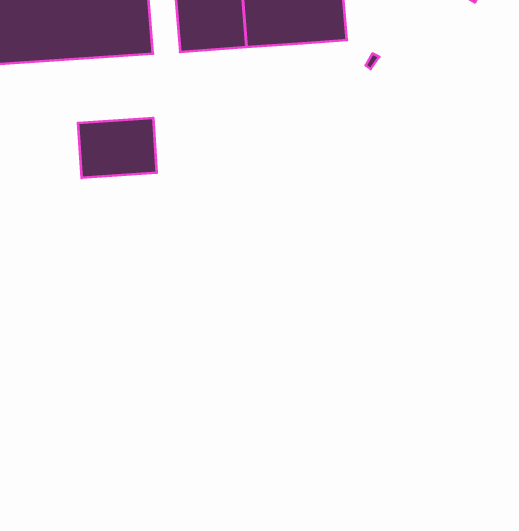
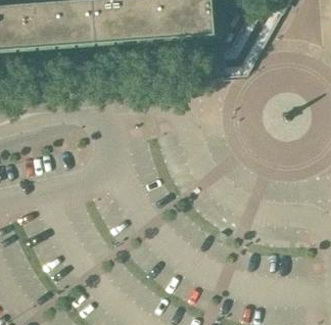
building: [78,118,157,178] -> none

